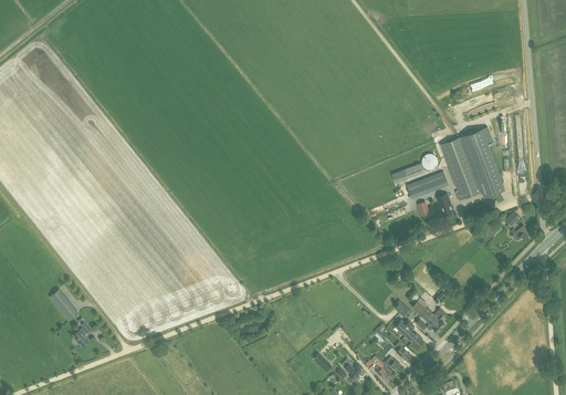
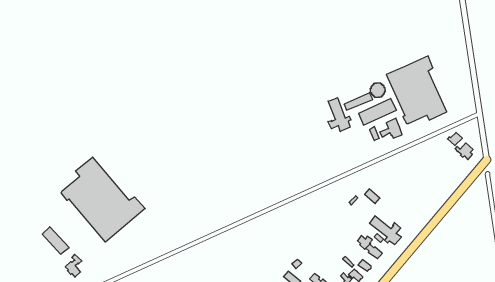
building: none -> [328,98,351,132]
building: none -> [61,157,145,242]

